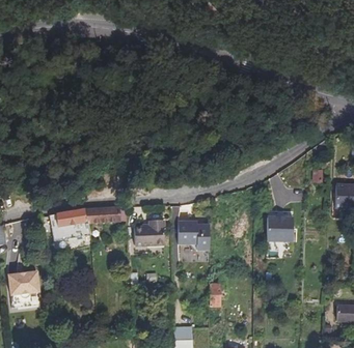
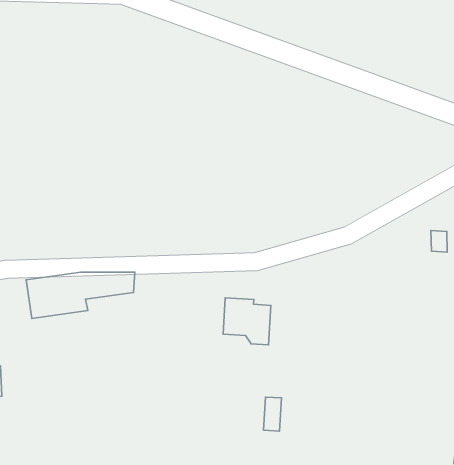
building: [267,215,294,241] -> none
building: [135,220,164,244] -> none

